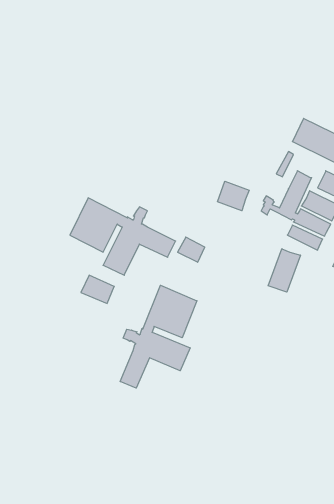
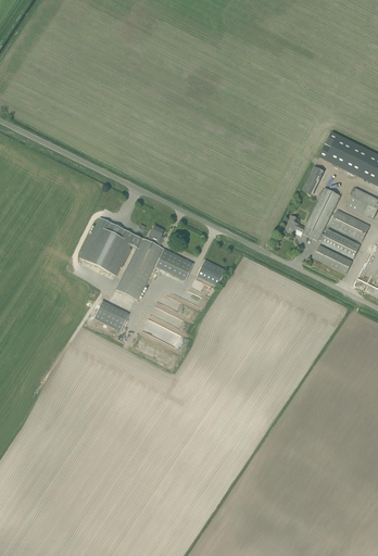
building: [218,181,249,211] -> none
building: [268,249,300,292] -> none
building: [120,285,197,388] -> none

